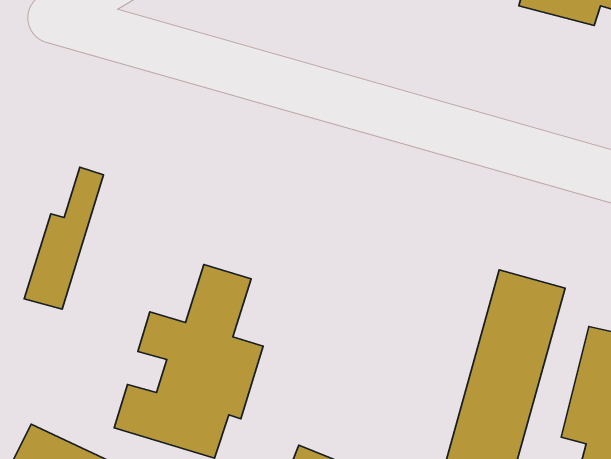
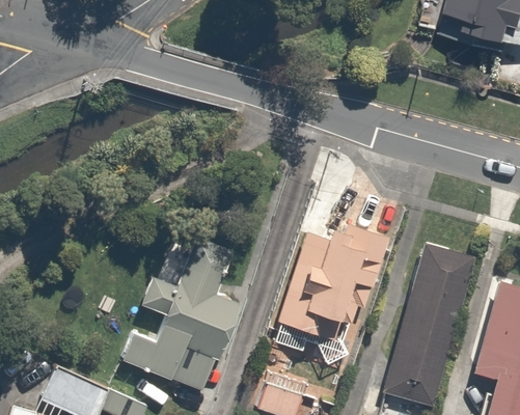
building: [24,167,104,309] -> none
building: none -> [271,220,387,364]

